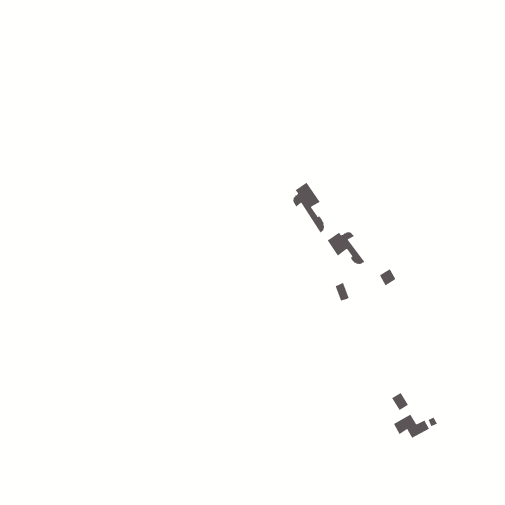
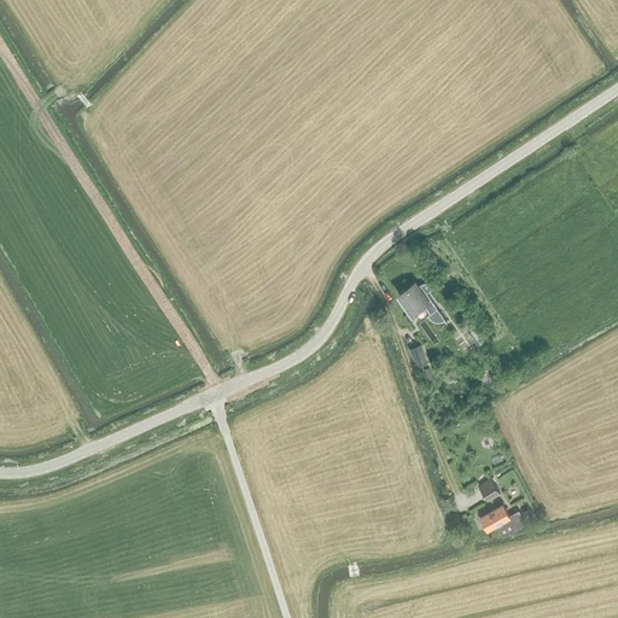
building: [293,182,325,235] -> none

